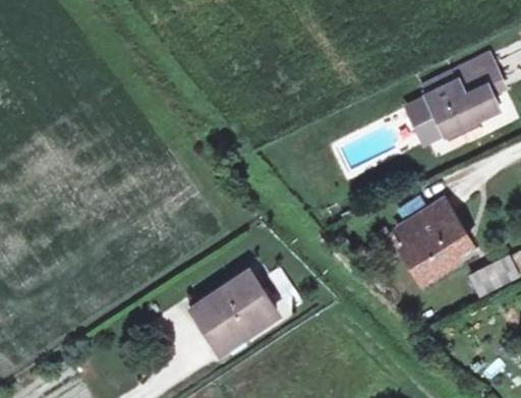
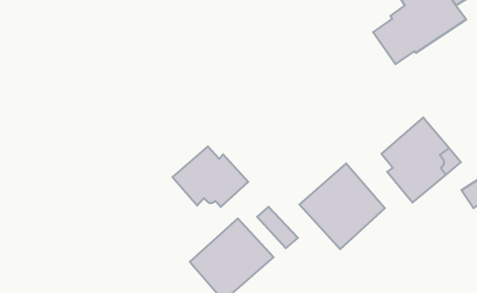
building: none -> [172,146,248,207]
building: none -> [299,164,385,249]

